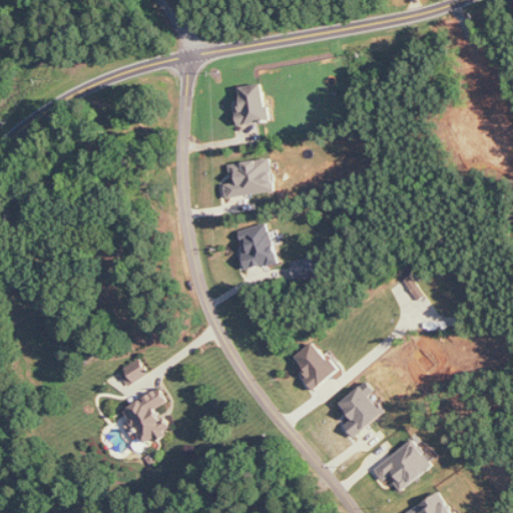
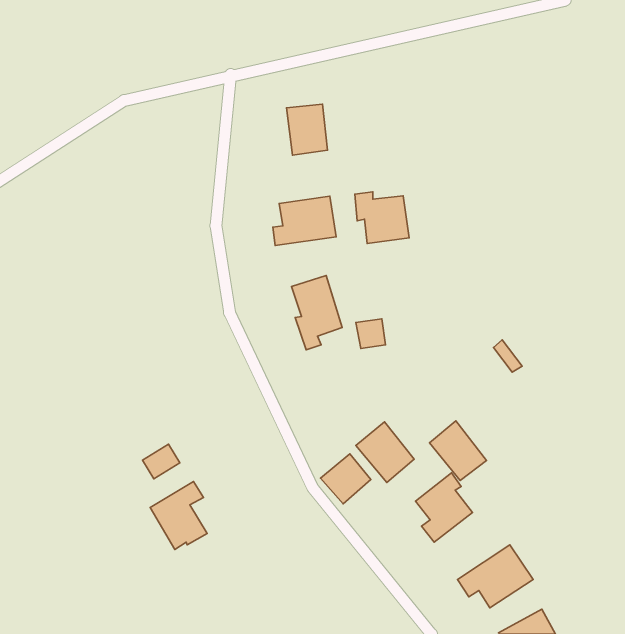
building: none -> [355,192,409,244]
building: none -> [430,421,487,481]
building: none -> [321,454,371,504]

